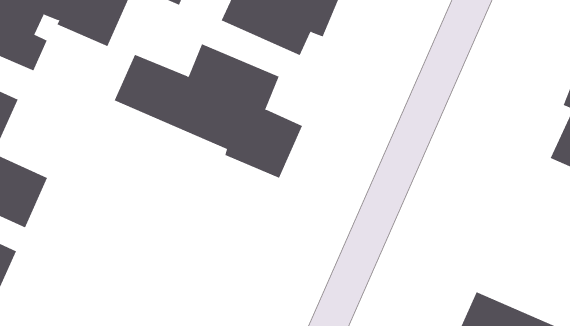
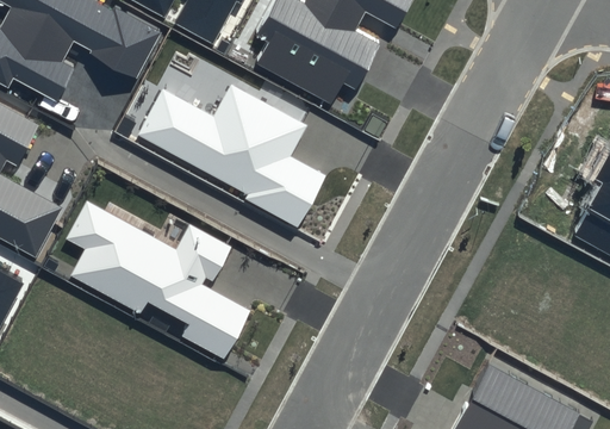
building: none -> [63,198,249,359]

